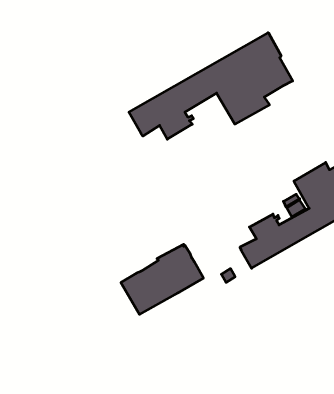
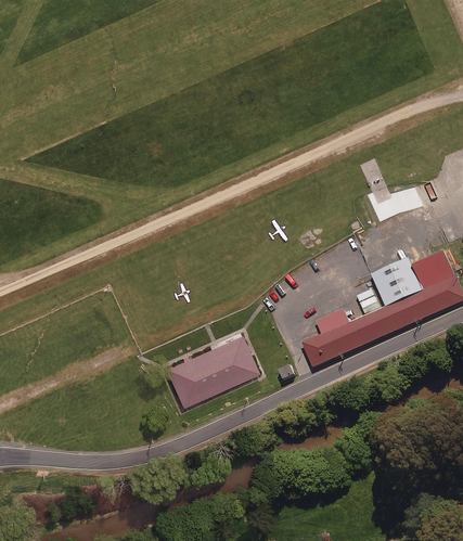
building: [129,33,293,139] -> none

